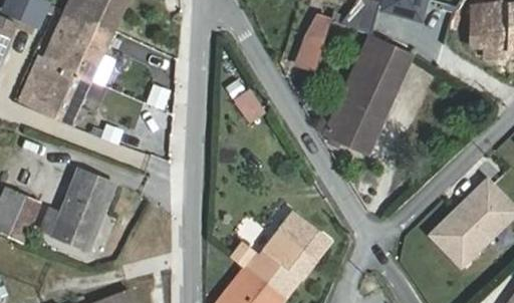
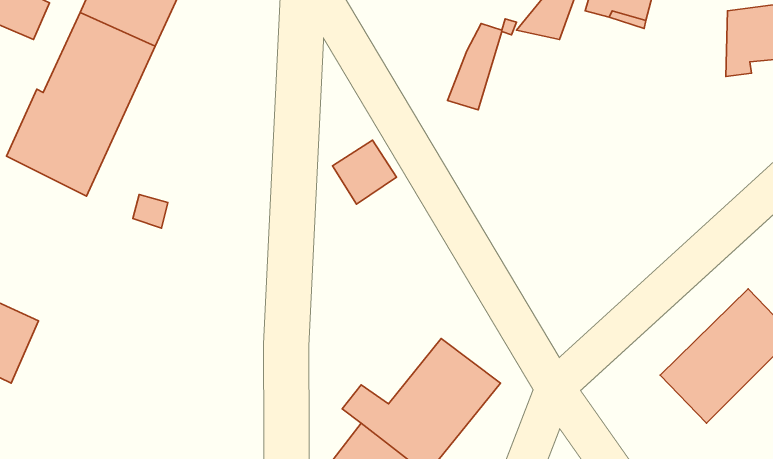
building: [323,35,413,157] -> none
building: [51,170,114,250] -> none

